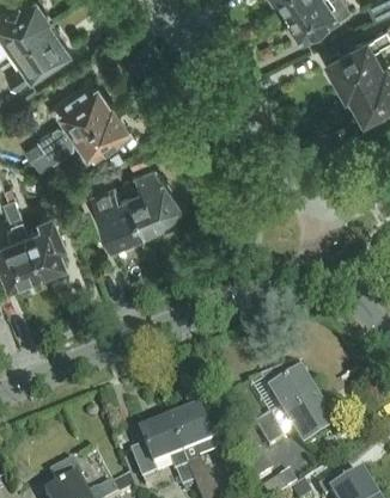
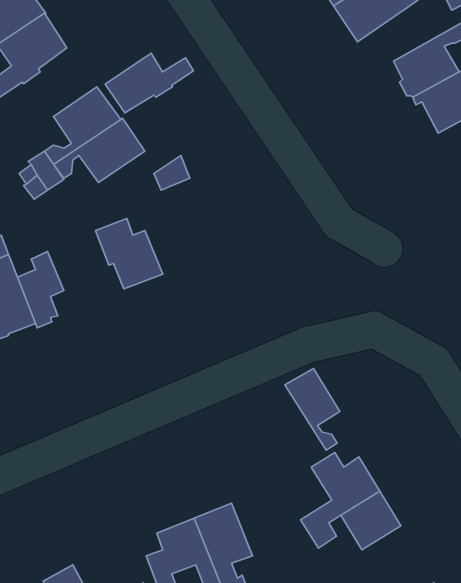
building: none -> [105,53,194,113]
building: [132,168,182,229] -> none
building: none -> [285,369,340,450]

